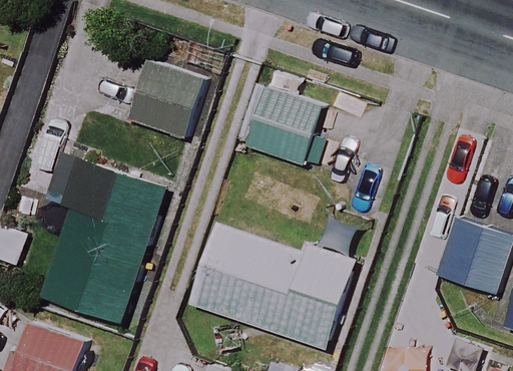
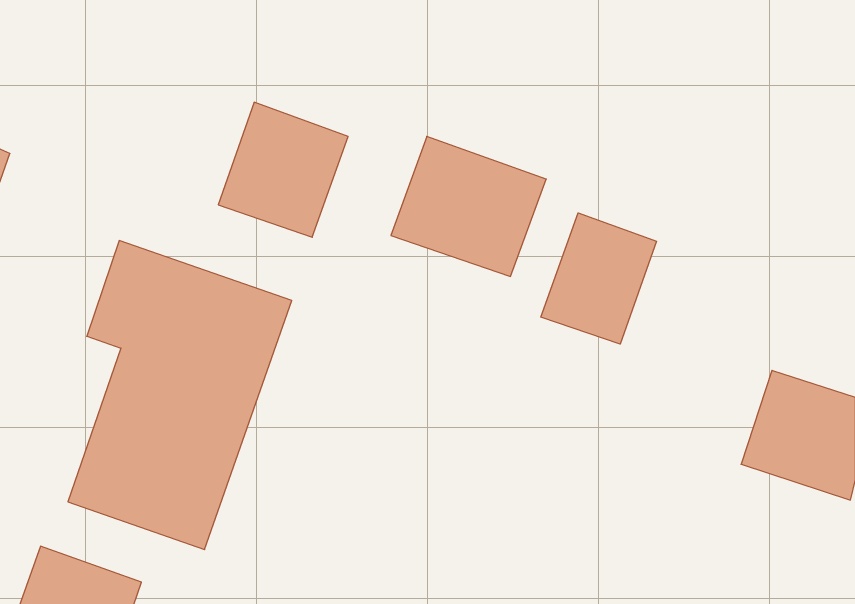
building: none -> [541,213,656,344]
building: [190,224,357,349] -> none

